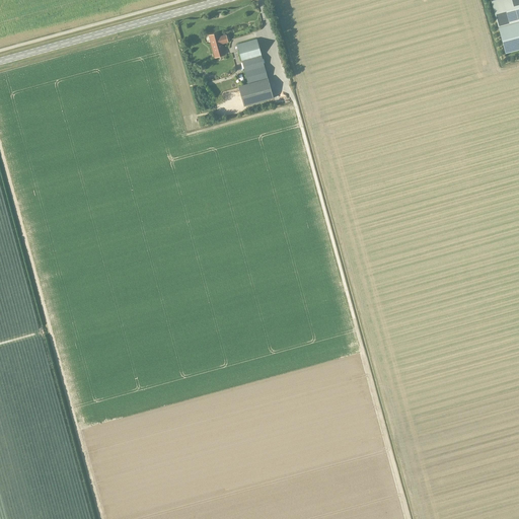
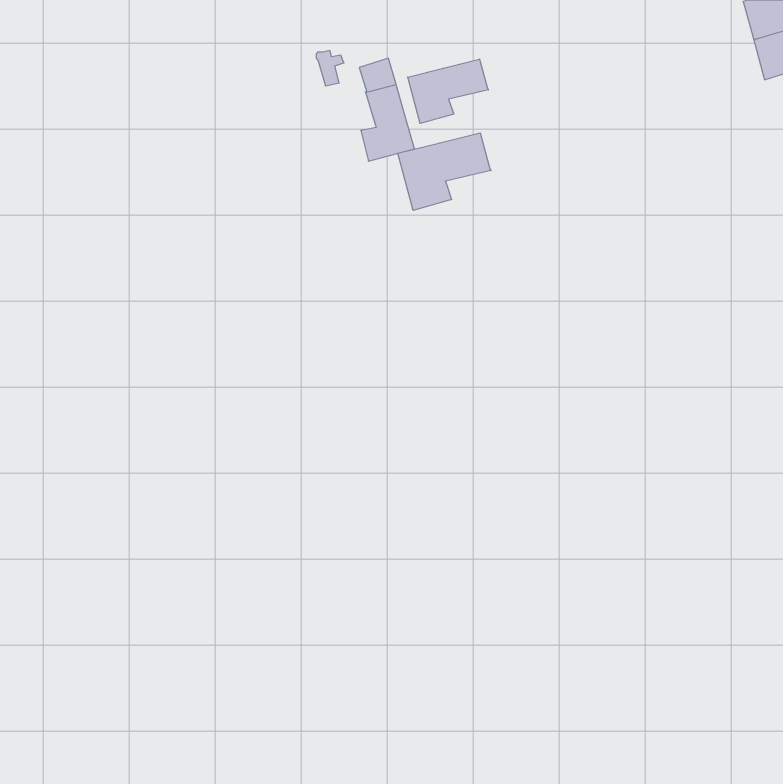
building: none -> [408,59,488,123]
building: none -> [398,133,491,210]

